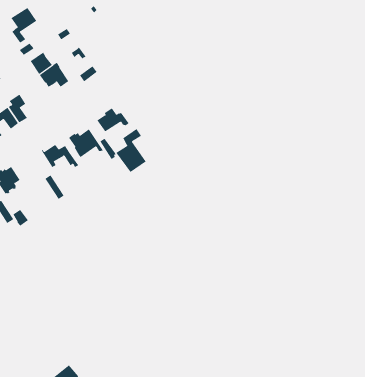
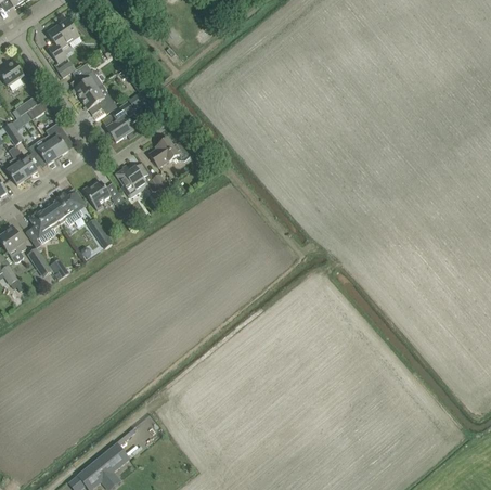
building: none -> [105,102,138,141]
building: [116,128,146,173] -> none
building: none -> [48,192,81,223]

